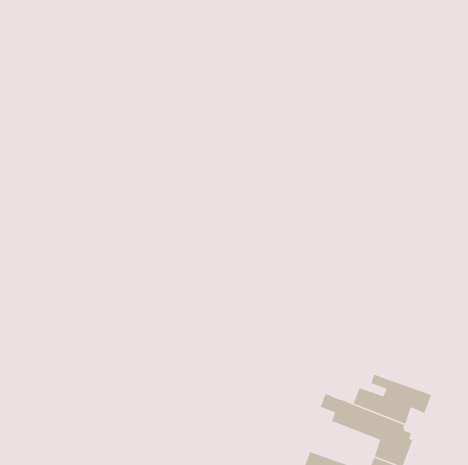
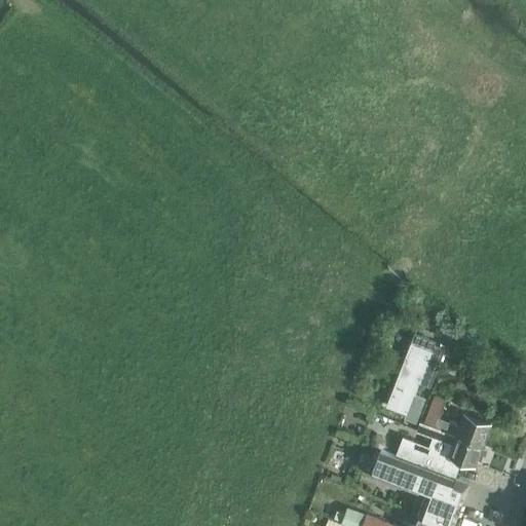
building: none -> [387,334,444,423]
building: none -> [424,398,492,446]

